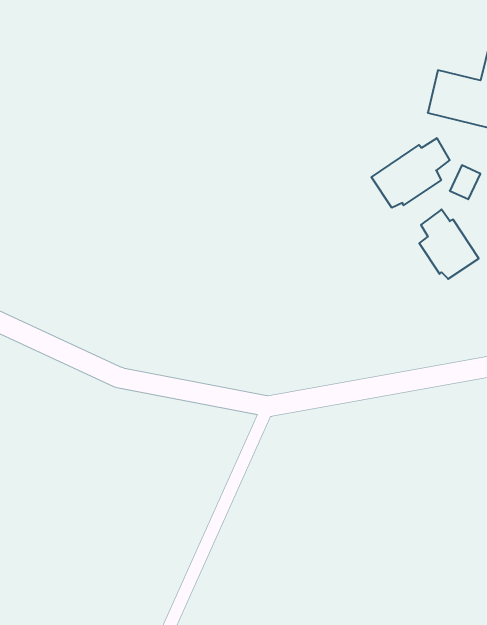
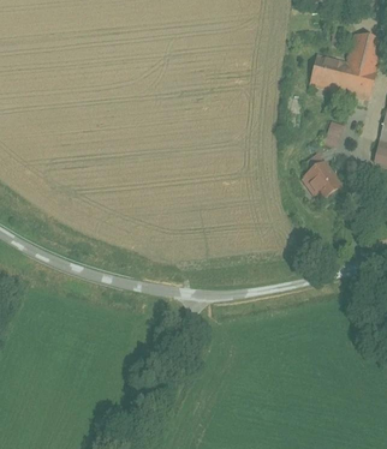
building: [371,138,450,208] -> none

